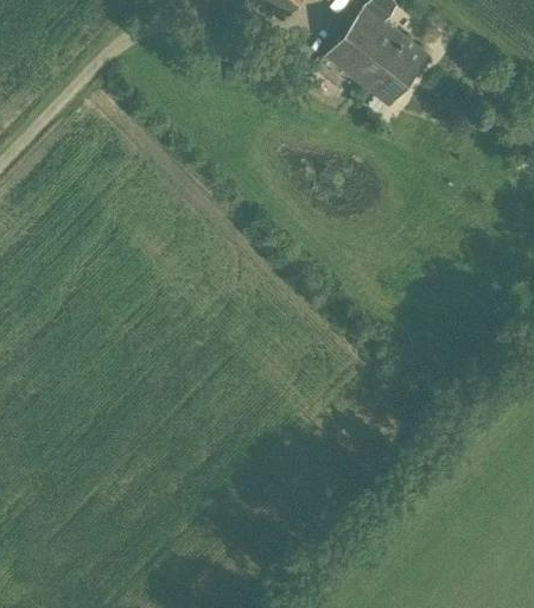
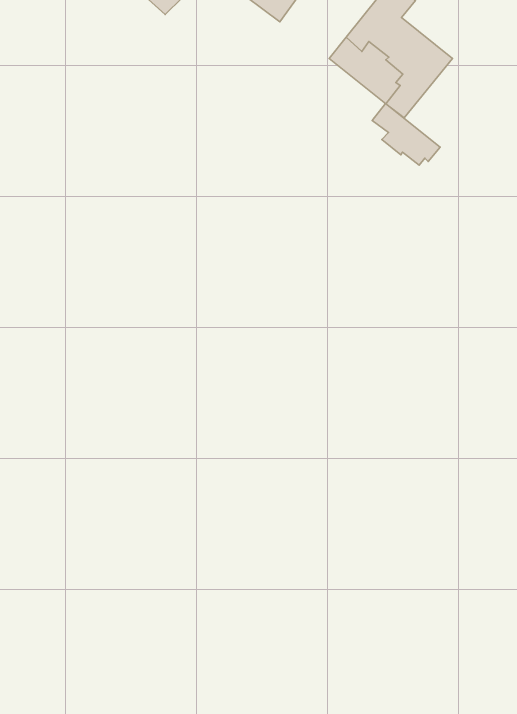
building: none -> [372,104,440,165]

